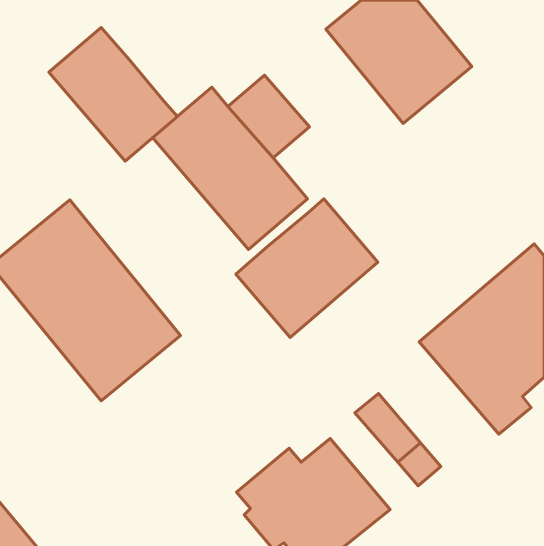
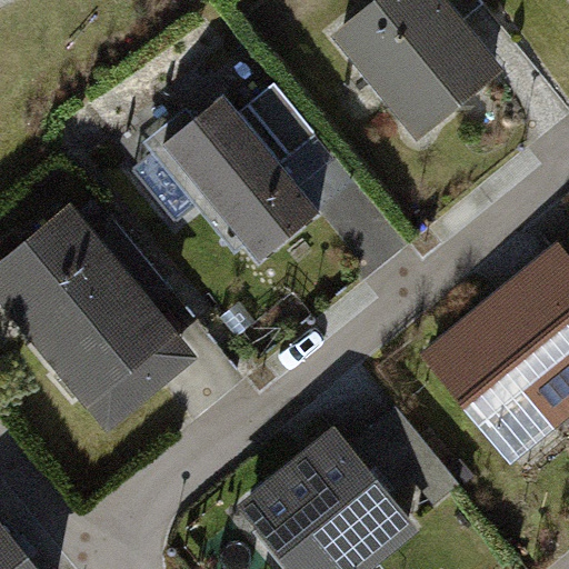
building: [49,27,177,161] -> none
building: [236,199,378,337] -> none

